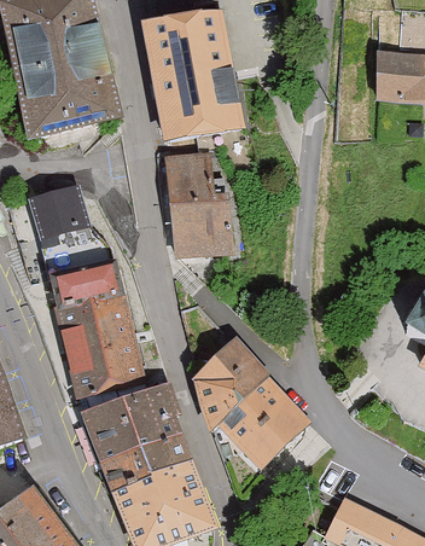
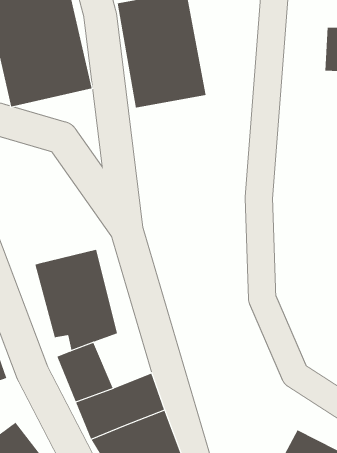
building: [165,151,231,254] -> none
building: [30,187,123,312] -> none
building: [198,339,310,466] -> none
building: [120,382,184,449] -> none

